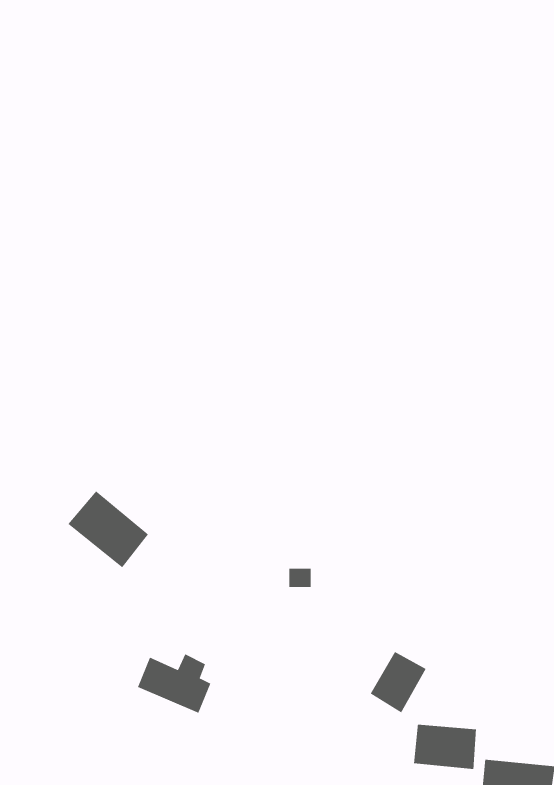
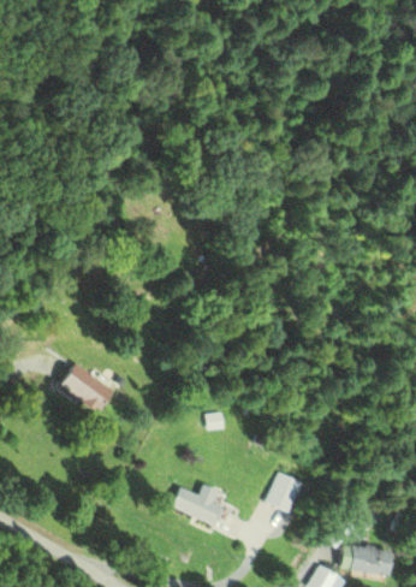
building: [137,653,211,714] -> [170,485,220,526]
building: [413,724,476,770] -> none

